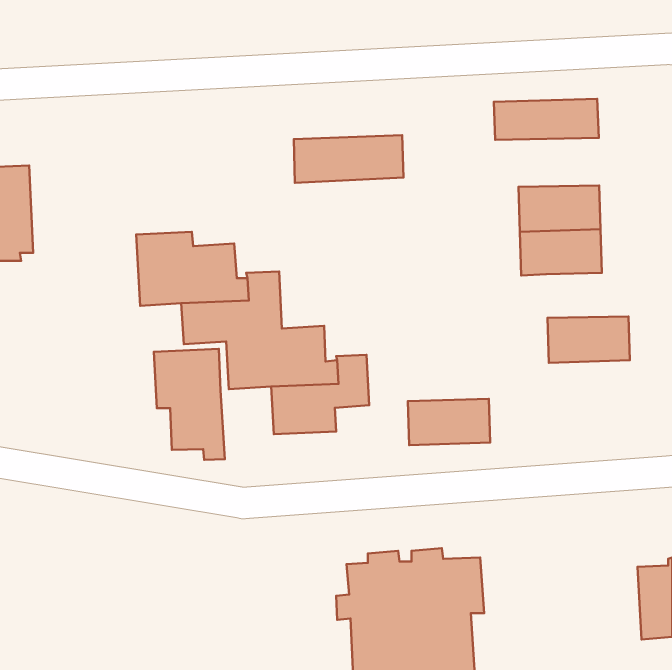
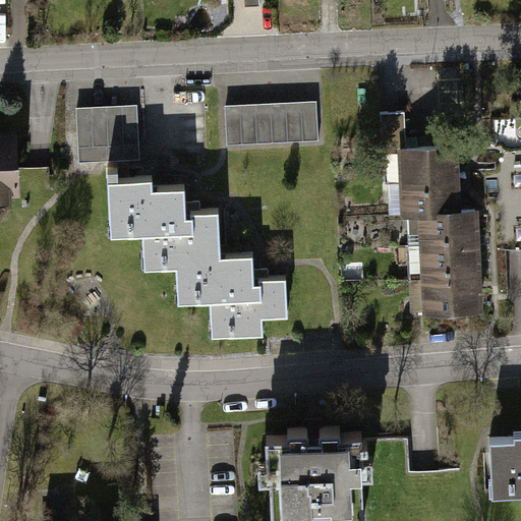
building: [494,99,599,140] -> none
building: none -> [76,112,133,163]
building: none -> [420,214,483,249]
building: [154,349,225,460] -> none
building: [408,399,490,445] -> [422,282,485,317]

